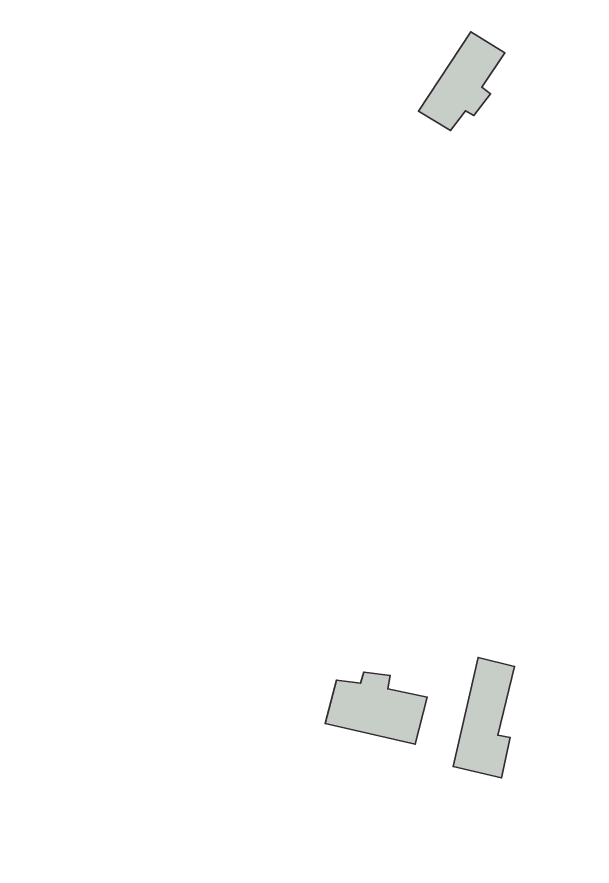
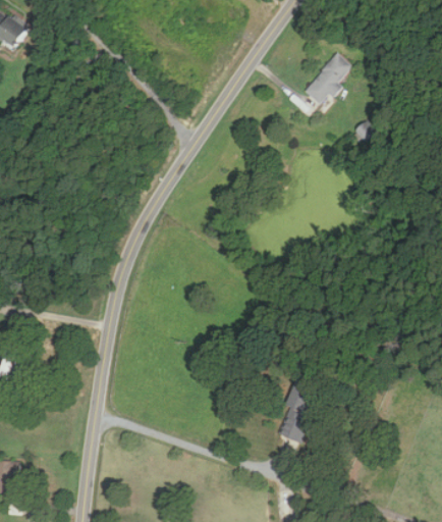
building: [325,672,427,744] -> none

